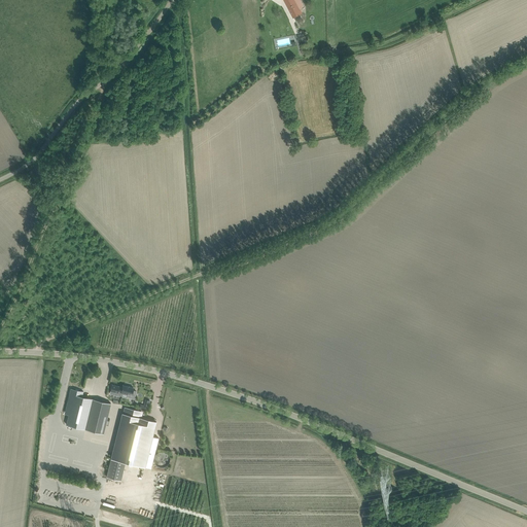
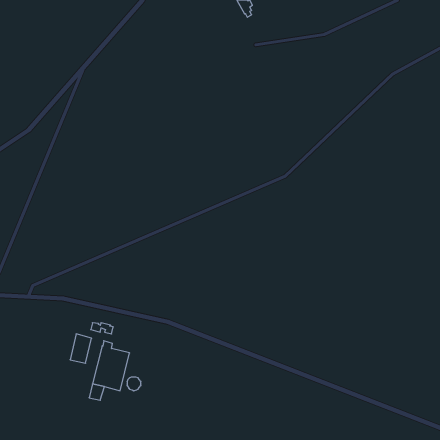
building: [63,389,91,429] -> none

